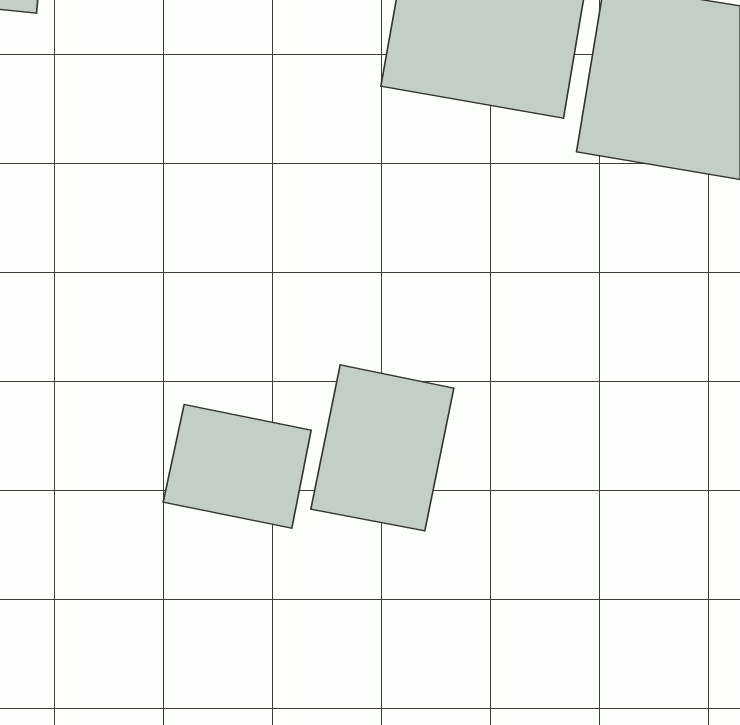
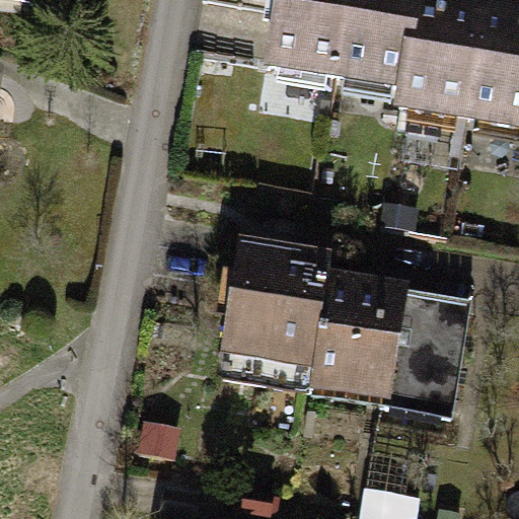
building: none -> [309,276,467,410]
building: [163,405,311,528] -> none

